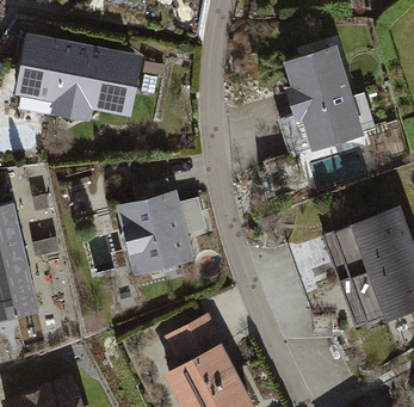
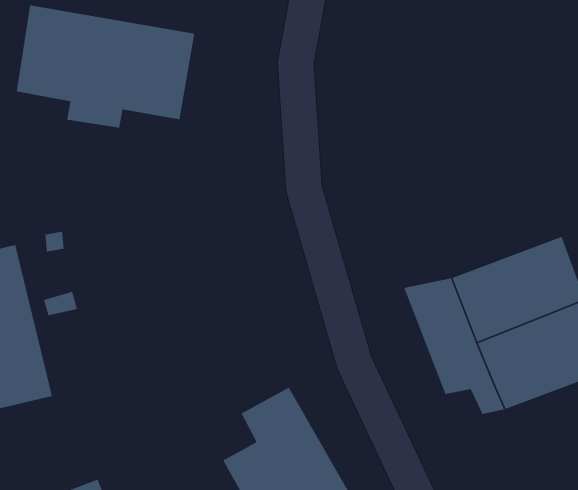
building: [279,42,376,158] -> none
building: [117,187,208,276] -> none

